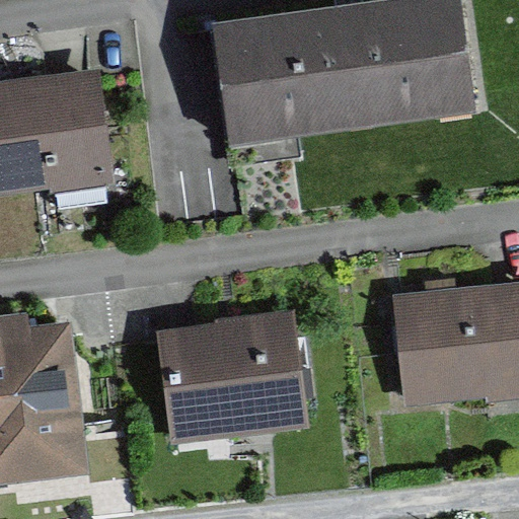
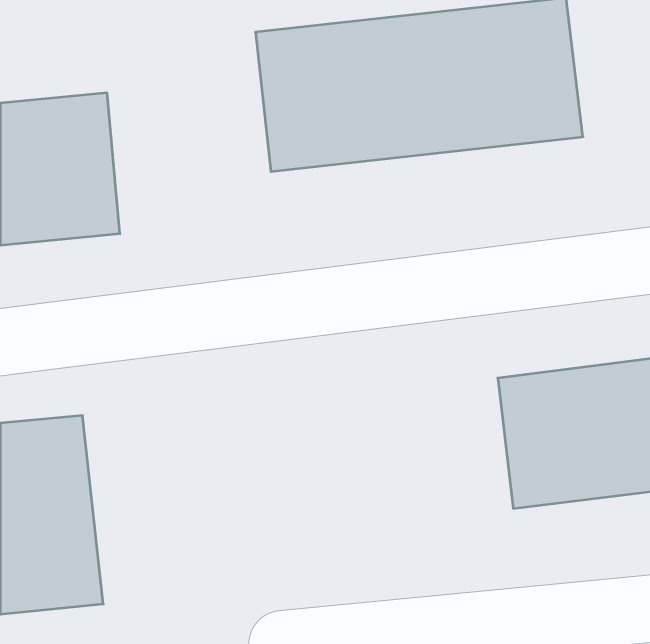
building: [151,311,308,444] -> none

